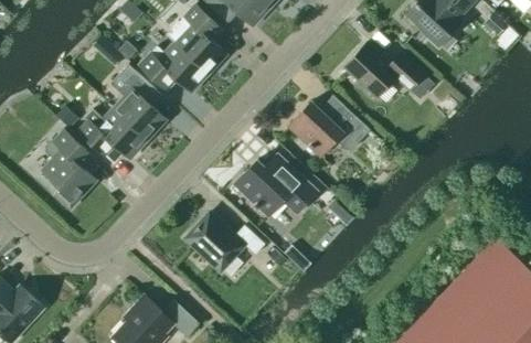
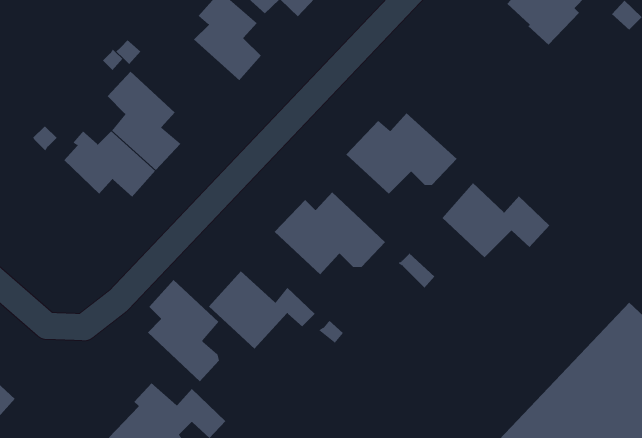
building: [139,41,209,90] -> none
building: [343,41,424,97] -> [441,182,550,258]
building: [42,130,95,206] -> none
building: none -> [147,279,219,382]

